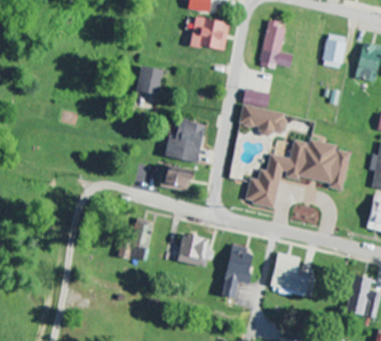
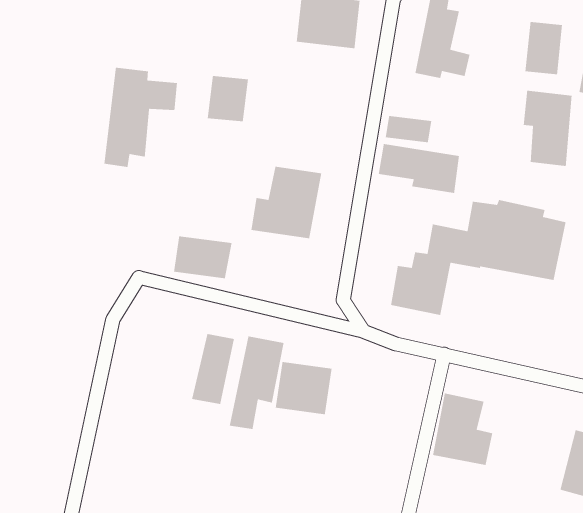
building: none -> [104,67,178,168]
building: none -> [523,90,572,167]
building: [158,165,193,190] -> [173,235,232,279]
building: [219,243,252,298] -> [229,336,285,430]

